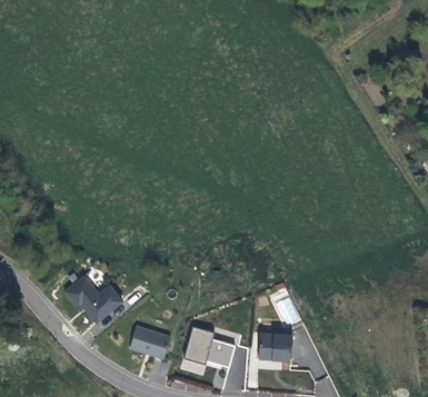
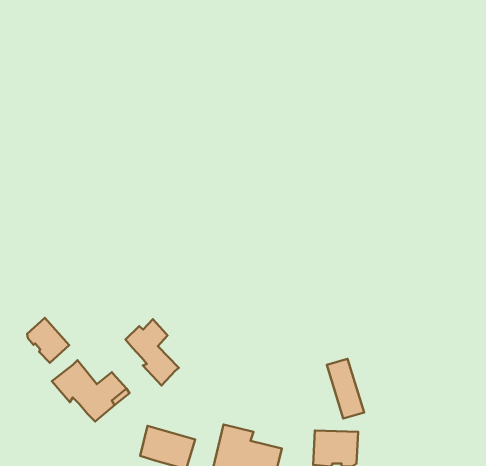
building: none -> [27,318,69,363]
building: none -> [125,319,179,386]

